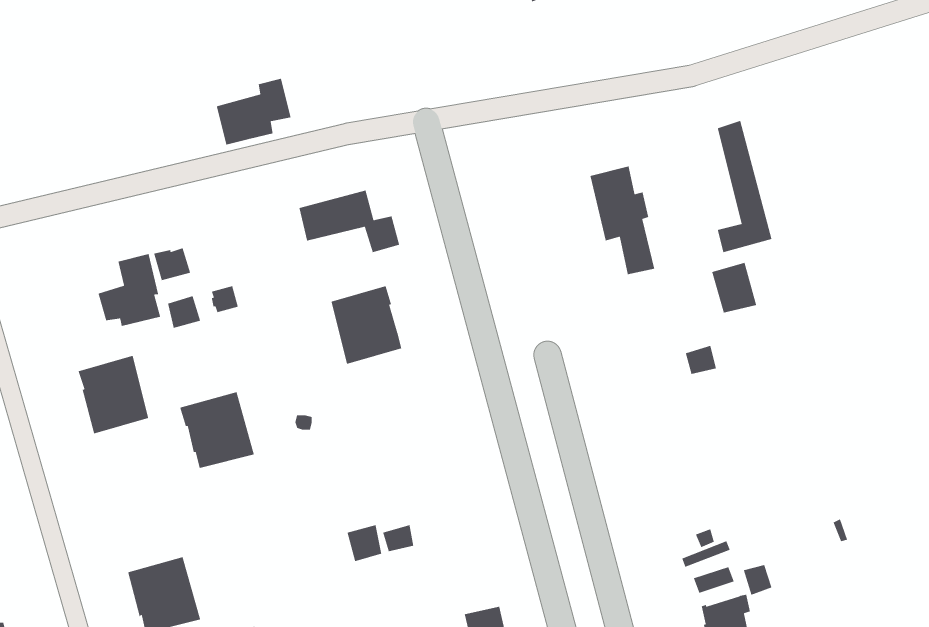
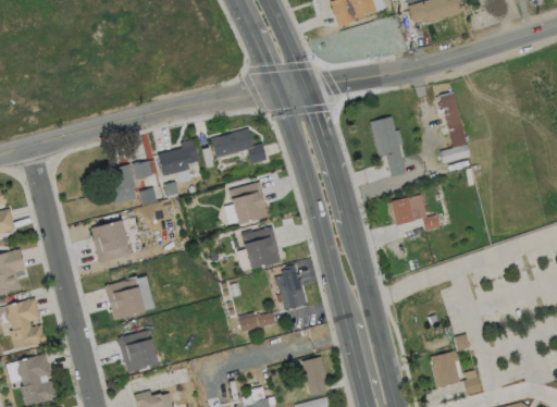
building: [216,78,292,146] -> [158,139,199,176]
building: [711,262,757,313] -> [389,197,414,225]
building: none -> [240,227,281,270]
building: [179,391,255,469] -> [103,278,145,320]
building: none -> [274,264,307,310]

